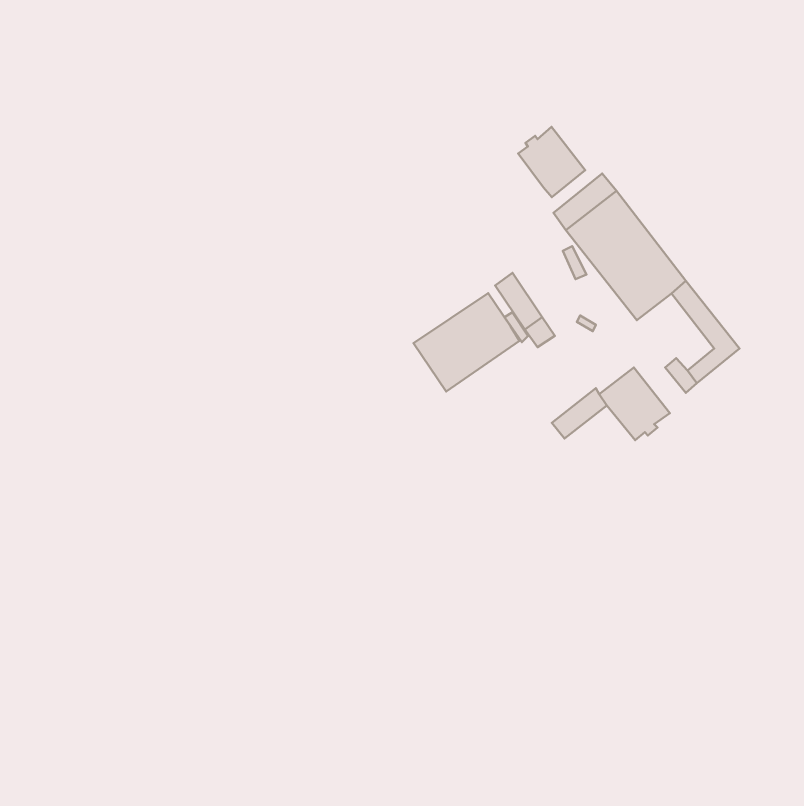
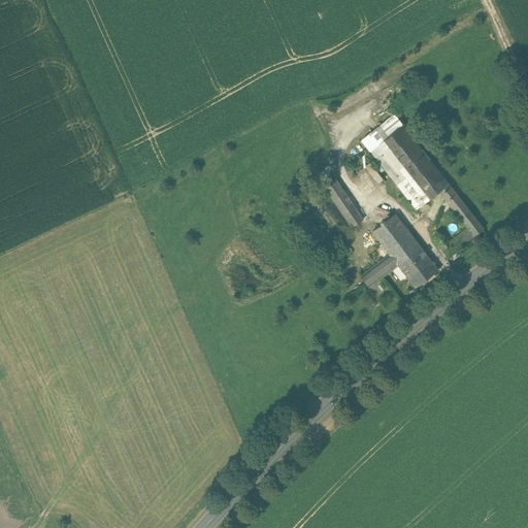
building: [518,127,585,197] -> none
building: [413,293,520,391] -> none
building: none -> [373,213,416,258]

